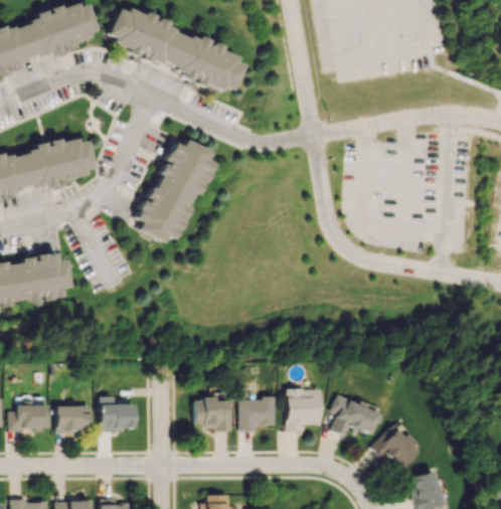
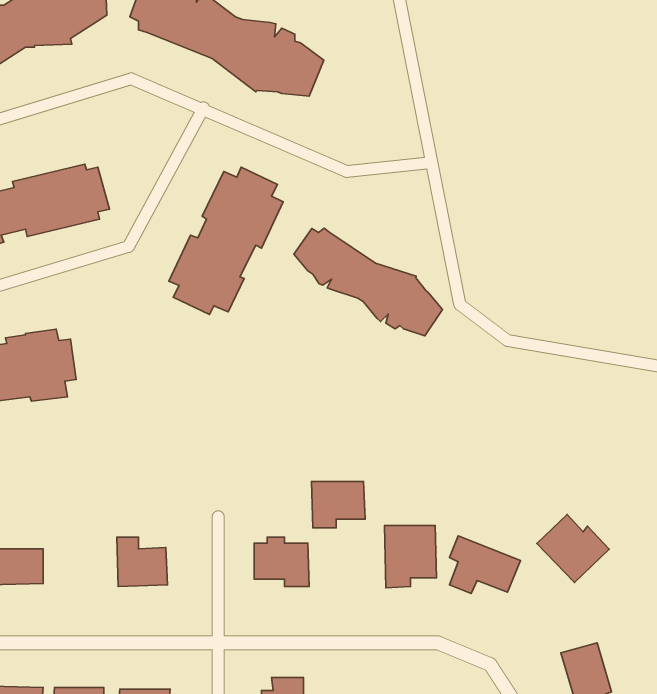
building: none -> [294,228,442,336]
building: [239,398,277,431] -> [312,482,365,528]
building: [56,405,91,431] -> none
building: [372,425,423,472] -> [537,514,609,582]

